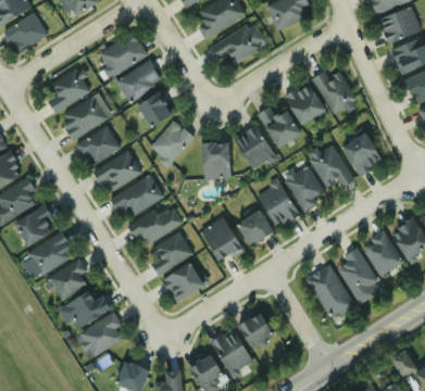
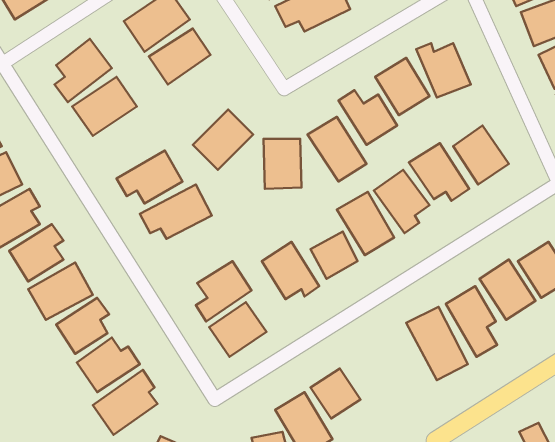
building: [137,90,173,126] -> none
building: [74,127,118,161] -> none
building: [128,202,183,244] -> none

